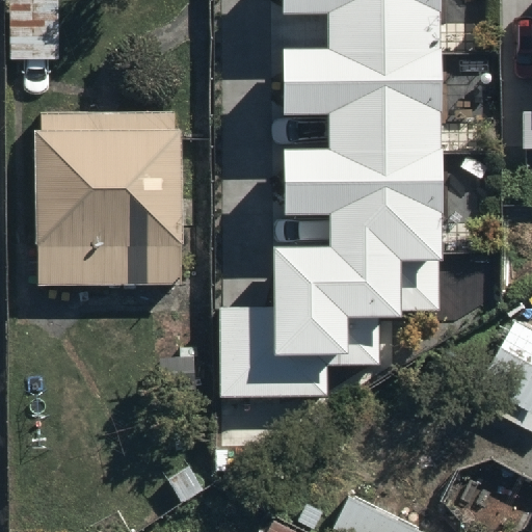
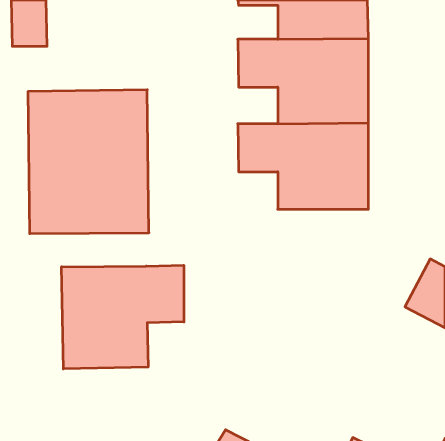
building: [225,255,441,390] -> none
building: none -> [62,265,184,369]

